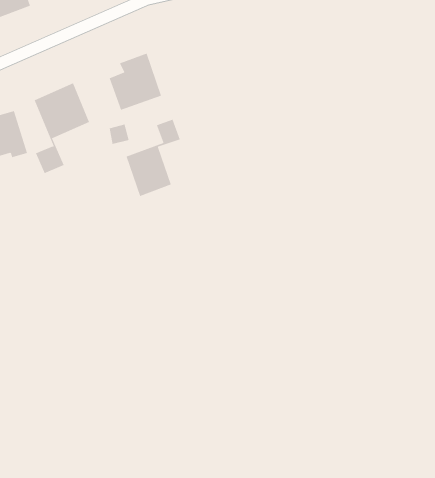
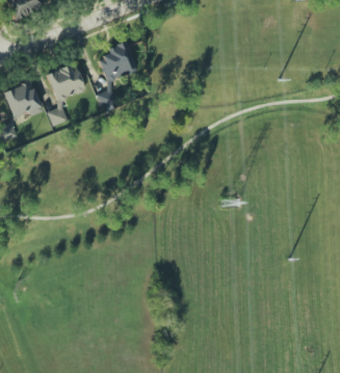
building: [126,119,180,197] -> none

